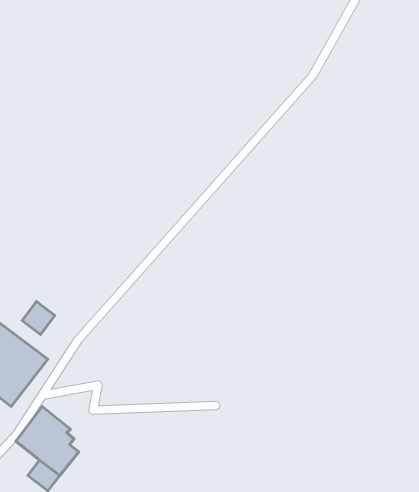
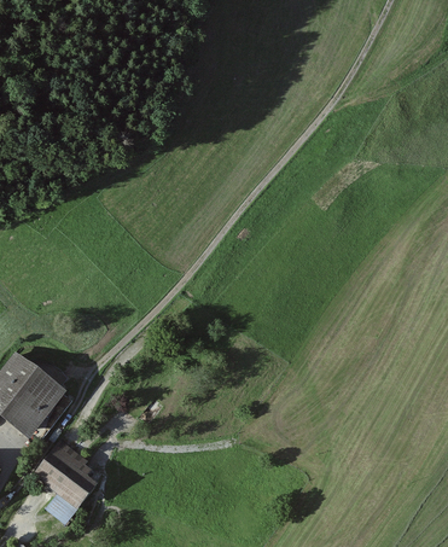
building: [22,302,55,335] -> none

